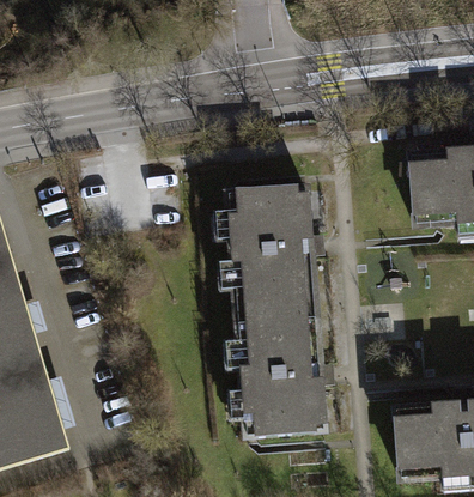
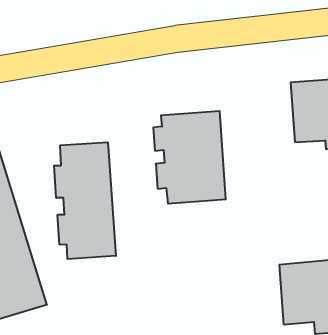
building: none -> [54,142,116,259]
building: [226,304,327,432] -> none

